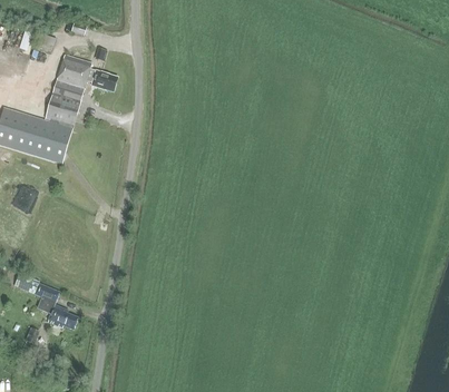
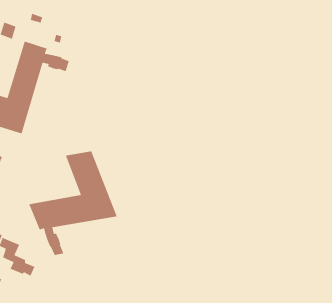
building: none -> [28,151,118,256]

